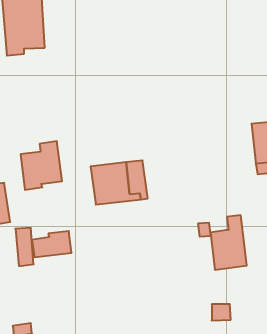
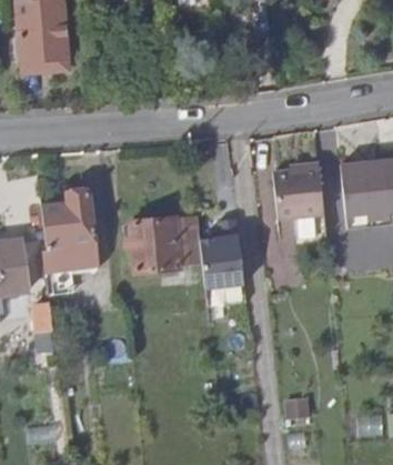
building: none -> [270,166,321,222]
building: [210,215,247,270] -> [200,216,246,286]
building: [32,231,72,257] -> [46,240,97,273]

